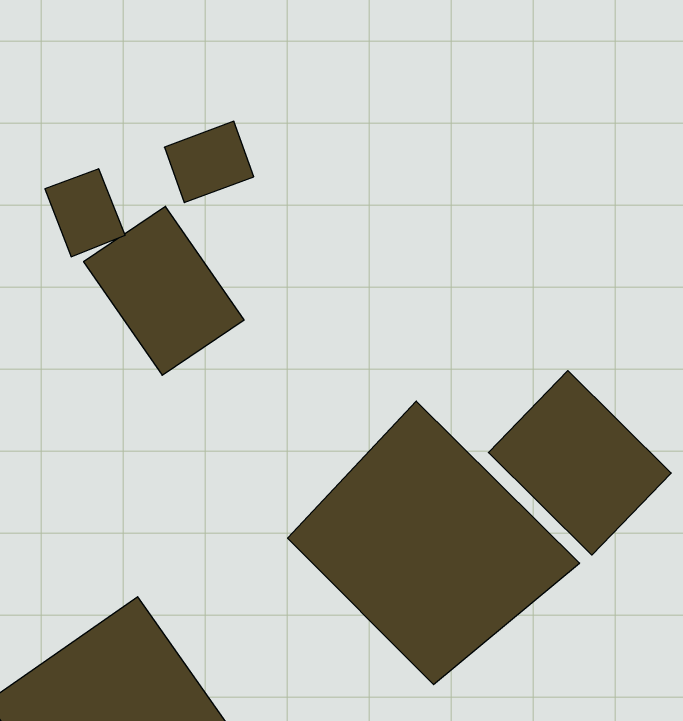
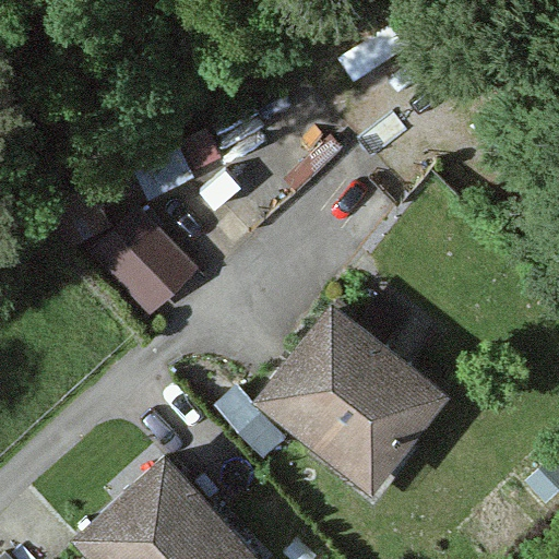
building: [488,371,671,555] -> none

